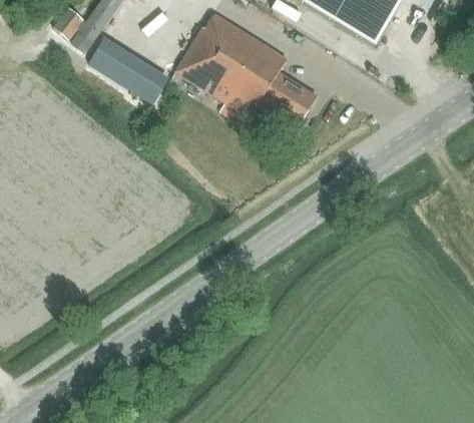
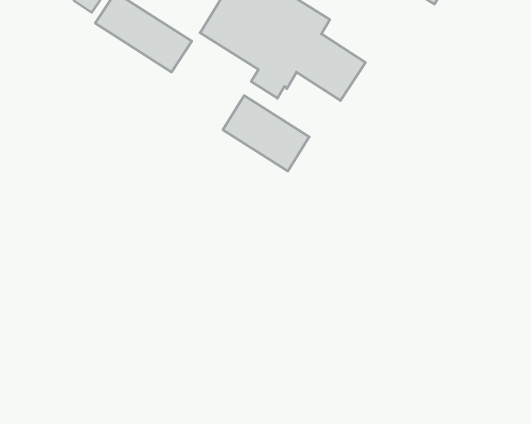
building: none -> [223,96,309,171]

